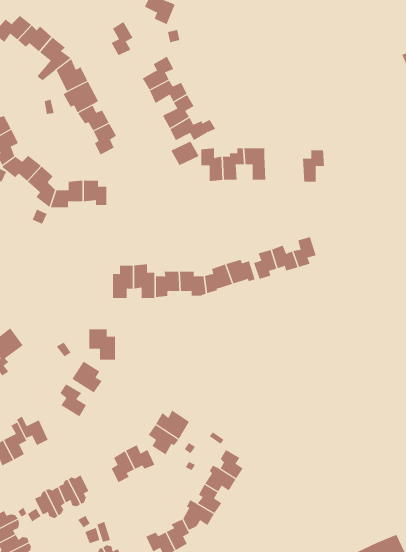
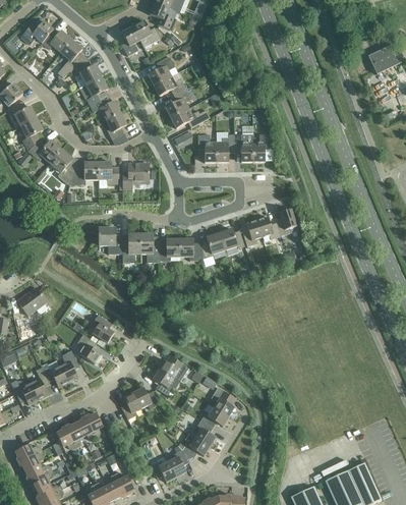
building: none -> [131,19,160,48]
building: [302,150,325,182] -> [251,133,271,161]
building: none -> [121,163,148,189]
building: [88,329,116,360] -> [98,227,121,254]
building: none -> [59,349,78,382]

